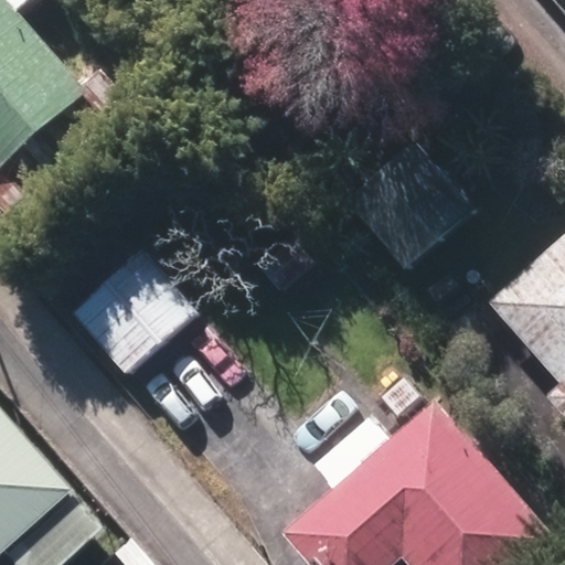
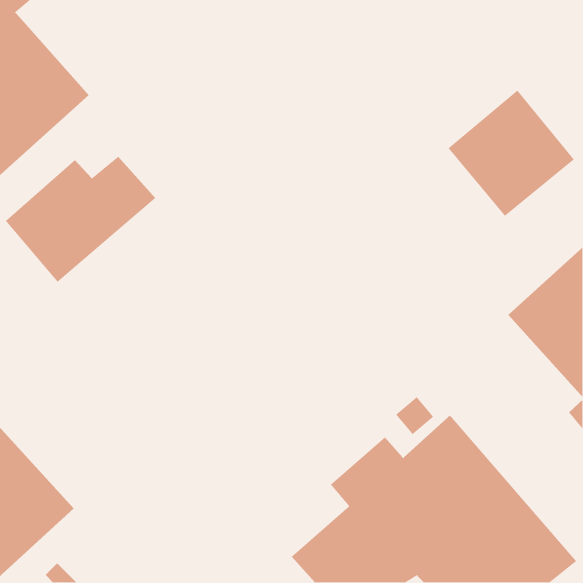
building: [350,147,472,269] -> [448,90,575,217]
building: [75,252,221,374] -> [5,156,156,283]

